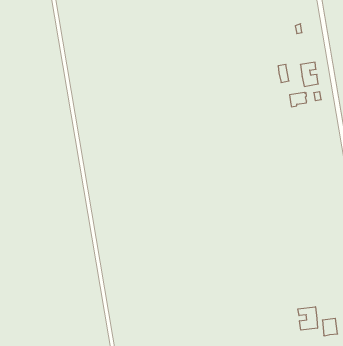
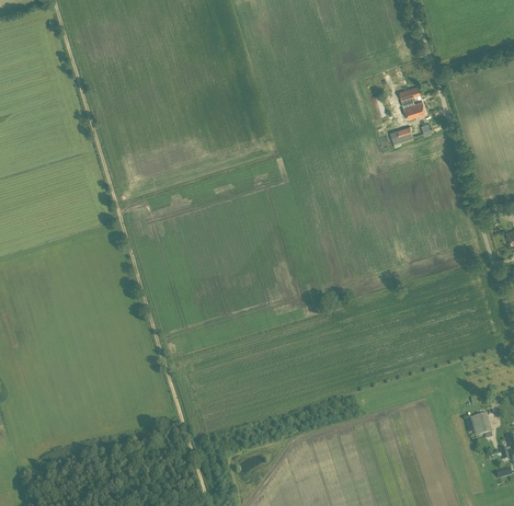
building: [298,307,317,330] -> none

